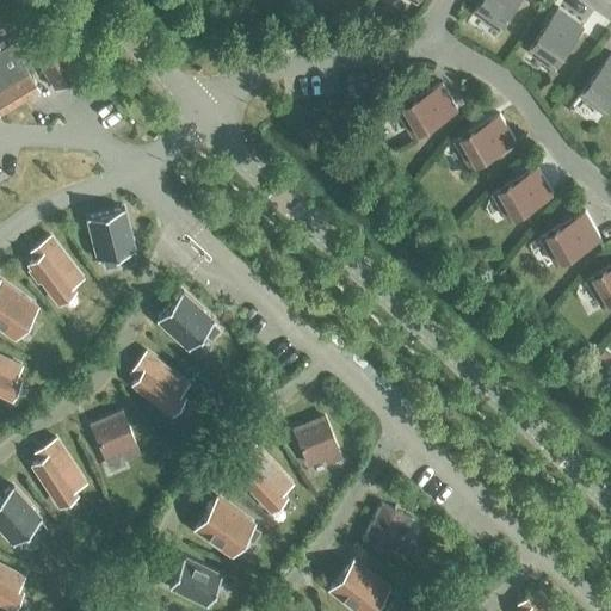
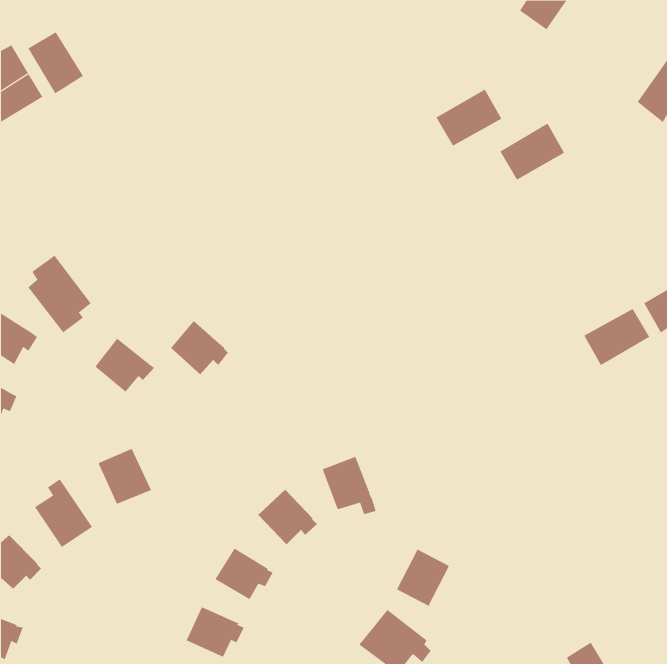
building: [530,11,585,70] -> none
building: [494,169,555,222] -> none
building: [84,211,126,257] -> none
building: [542,214,603,266] -> [584,308,650,366]
building: [132,360,187,411] -> [95,338,155,393]

